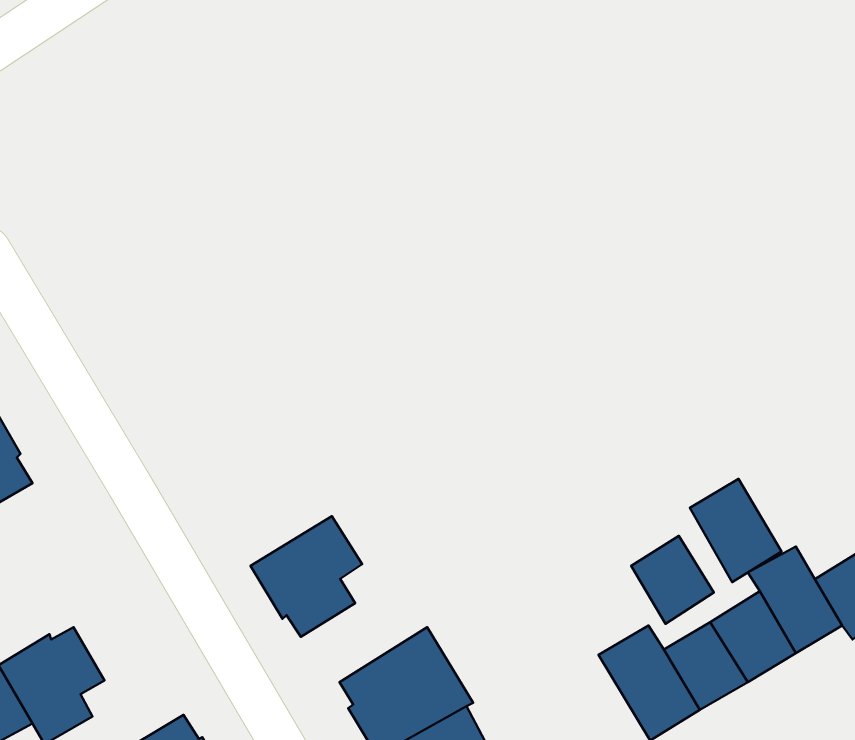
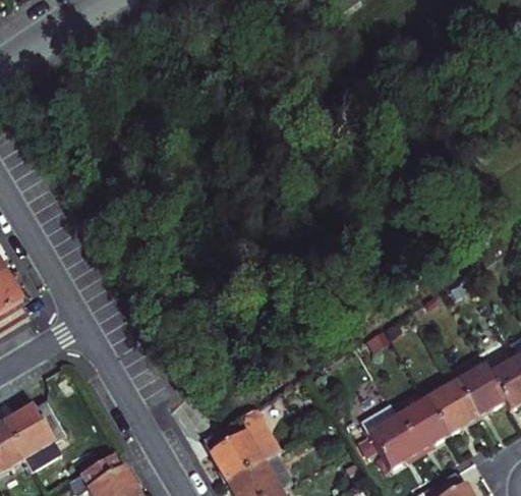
building: [690,479,781,582] -> none
building: [251,516,362,637] -> none
building: [631,536,714,624] -> none

